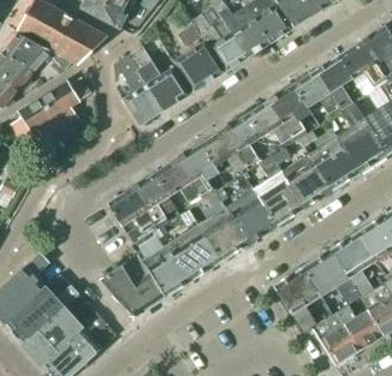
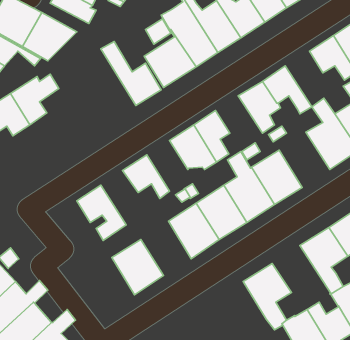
building: [114,53,166,125] -> none
building: [315,55,363,111] -> none
building: [245,100,292,143] -> none
building: [309,120,360,191] -> none
building: [177,144,218,195] -> none
building: [131,174,168,225] -> none
building: [171,225,221,279] -> none
building: [302,249,361,305] -> none
building: [97,253,165,316] -> none

